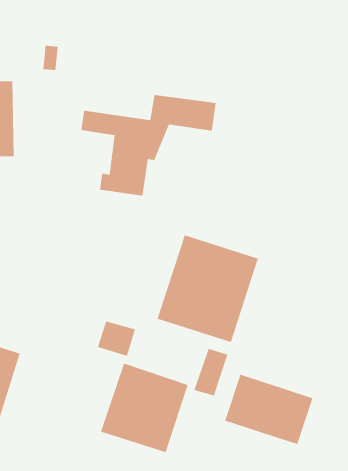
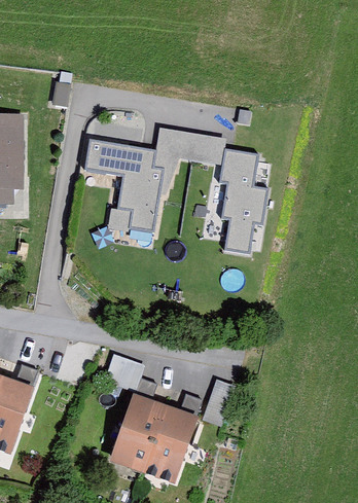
building: none -> [219,149,265,253]
building: [157,235,259,343] -> none
building: [225,374,313,445] -> none

